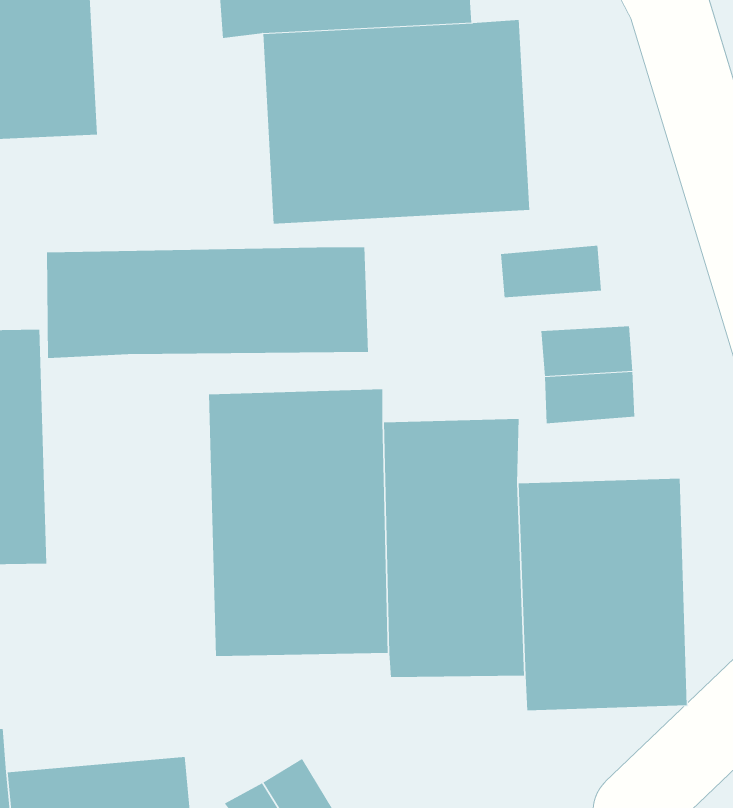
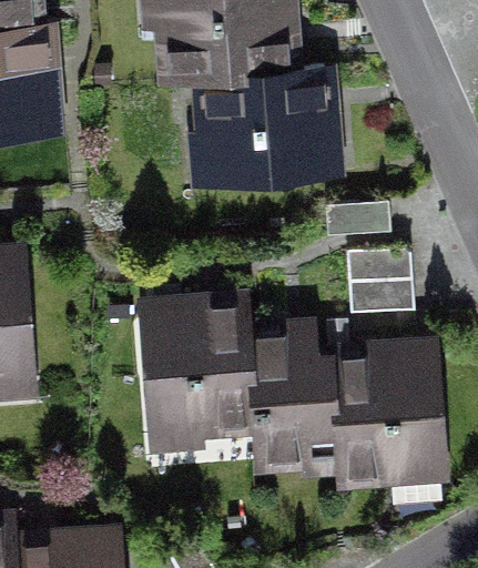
building: [46,246,368,359] -> none

